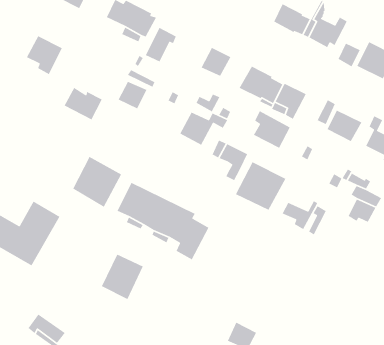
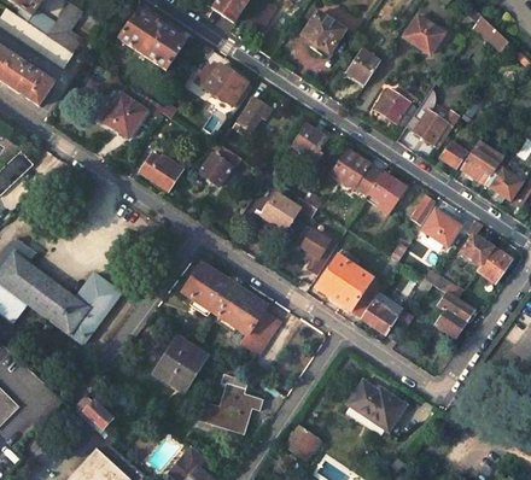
building: [253,110,291,149] -> none
building: [72,156,122,208] -> none
building: none -> [348,382,404,432]
building: none -> [202,376,262,432]

